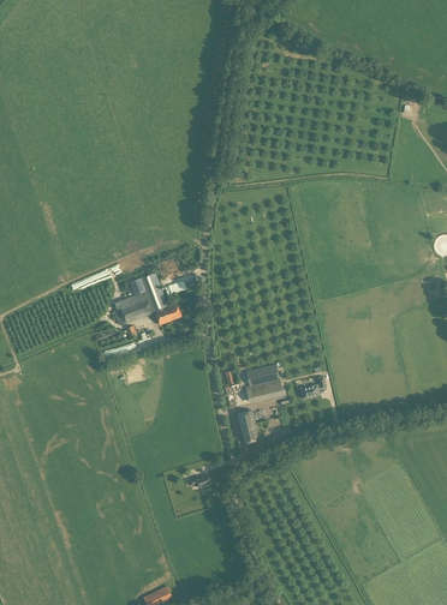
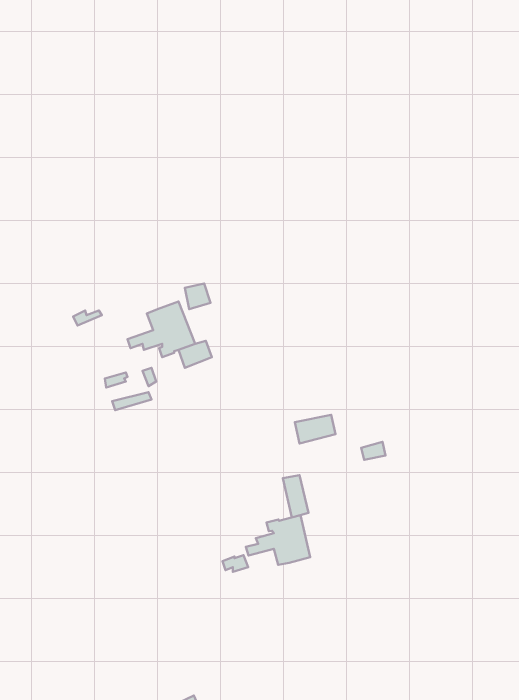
building: [245,378,282,402] -> none
building: none -> [246,515,310,565]

